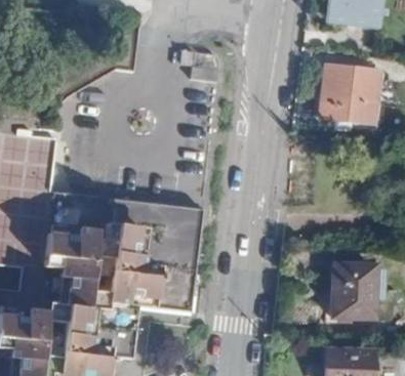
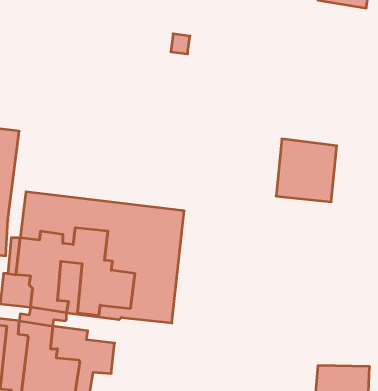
building: [323,65,378,122] -> [276,139,337,202]
building: [333,268,373,319] -> none

